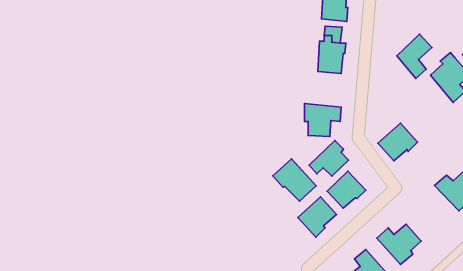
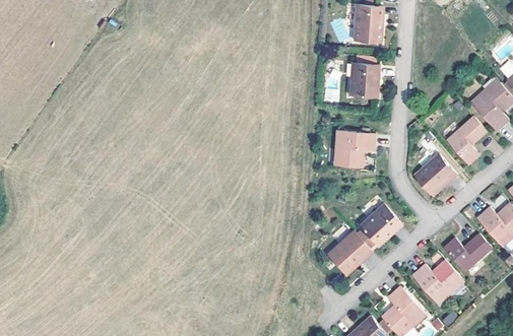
building: [397,34,432,79] -> [448,116,486,163]
building: [309,141,348,176] -> none
building: [273,159,316,201] -> none
building: none -> [444,234,492,272]

